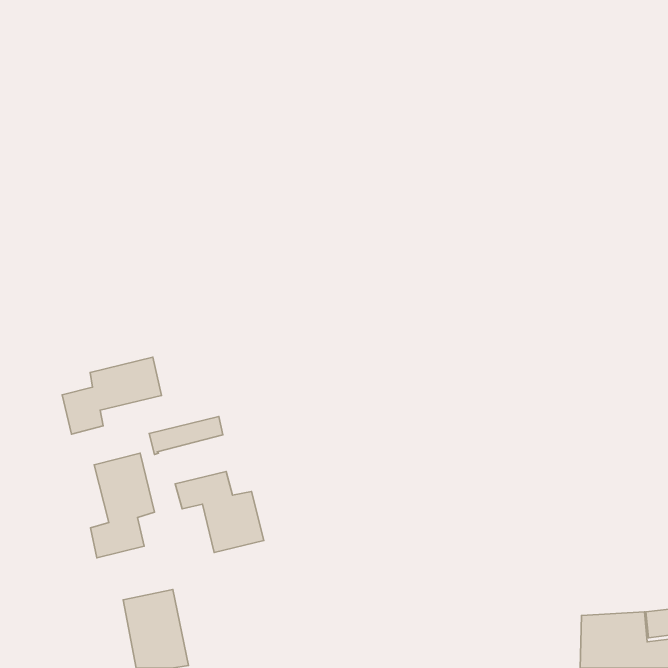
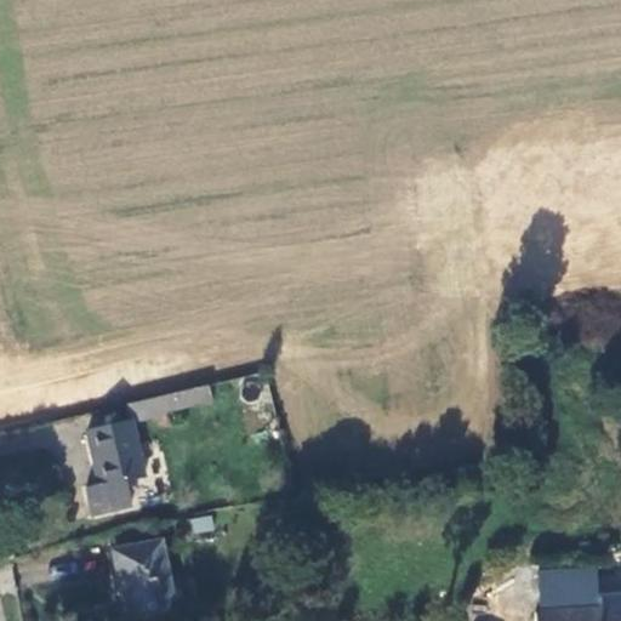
building: [62,357,161,434] -> none
building: [175,471,264,553] -> none

